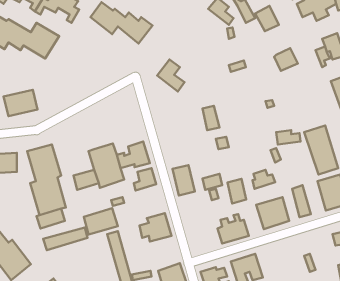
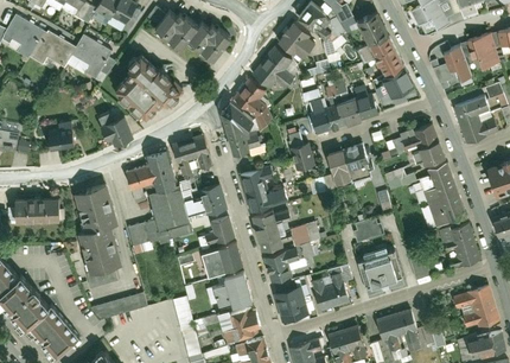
building: none -> [279,23,314,58]
building: none -> [370,37,402,75]
building: none -> [254,47,291,84]
building: none -> [113,52,184,121]
building: none -> [310,85,377,129]
building: none -> [225,106,257,153]
building: none -> [98,110,130,146]
building: none -> [395,126,444,165]
building: none -> [173,135,212,172]
building: none -> [326,144,370,186]
building: none -> [128,151,179,193]
building: none -> [242,167,291,211]
building: [227,179,246,203] -> [267,254,291,285]
building: [84,208,118,235] -> [200,243,243,276]
building: none -> [275,289,305,319]
building: none -> [224,310,262,344]
building: none -> [376,311,420,352]

